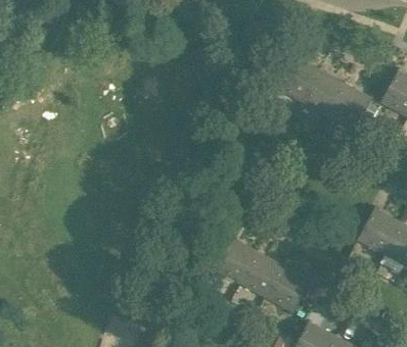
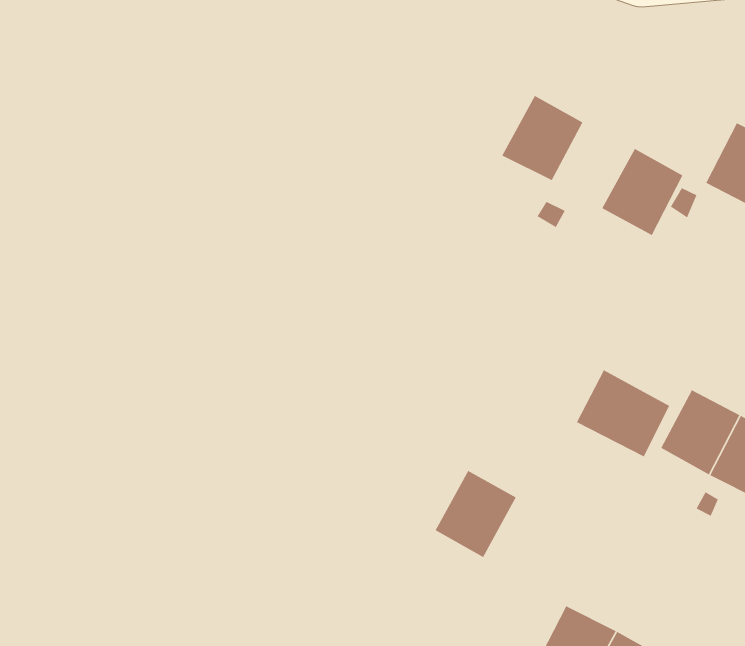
building: [300,69,343,114] -> none
building: none -> [576,369,670,458]
building: [214,237,256,282] -> none
building: [264,264,307,310] -> none

